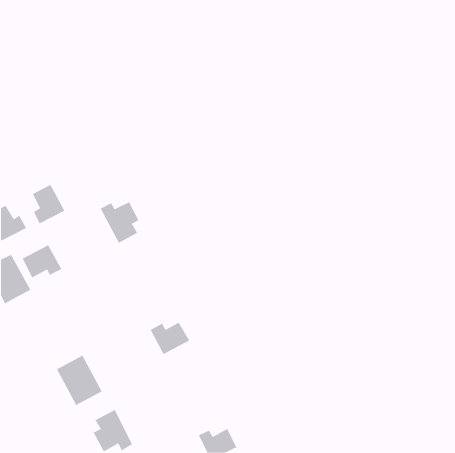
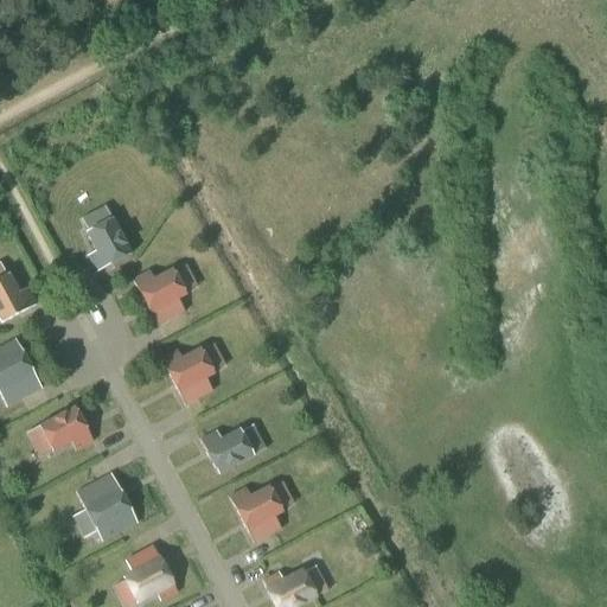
building: [32,184,65,224] -> [88,217,132,270]
building: [22,244,62,278] -> [40,405,94,451]
building: none -> [161,346,215,403]
building: none -> [230,485,283,541]

